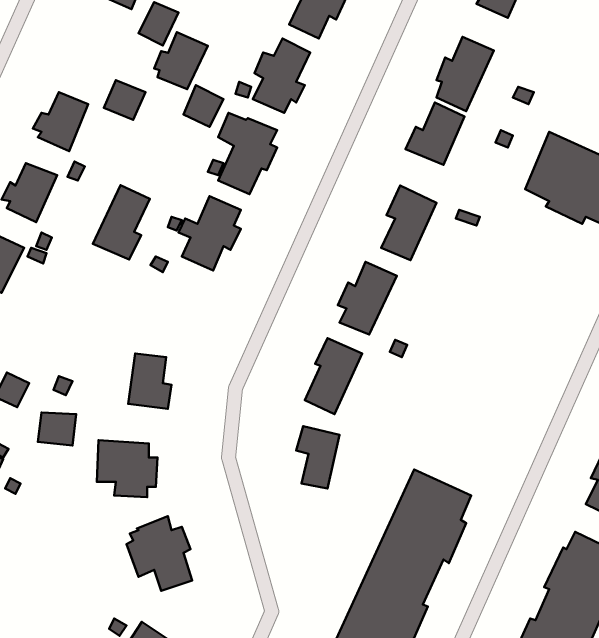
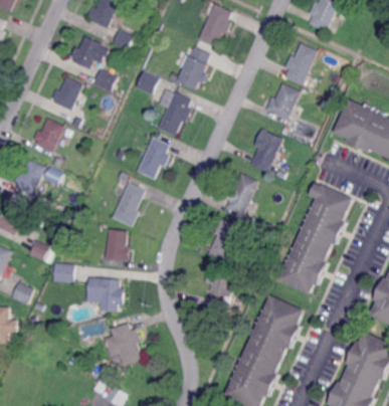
building: [154,32,208,89] -> [69,35,101,68]
building: [93,185,150,260] -> [112,182,145,225]
building: none -> [279,183,354,295]

